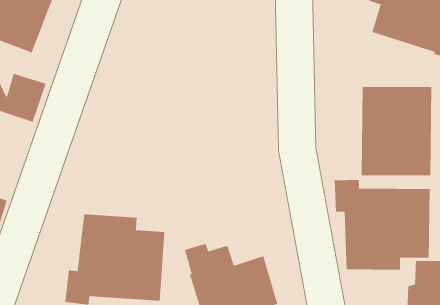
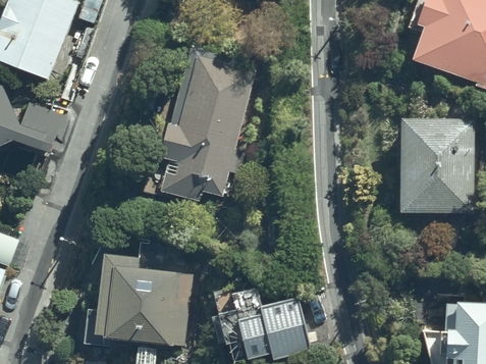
building: none -> [155,42,258,202]
building: [334,179,430,271] -> none

